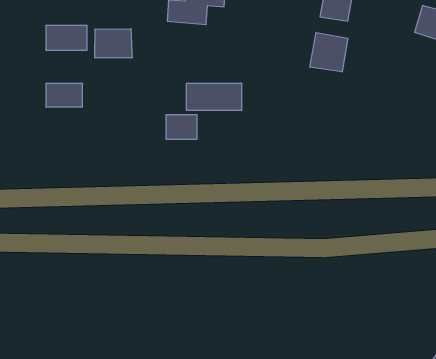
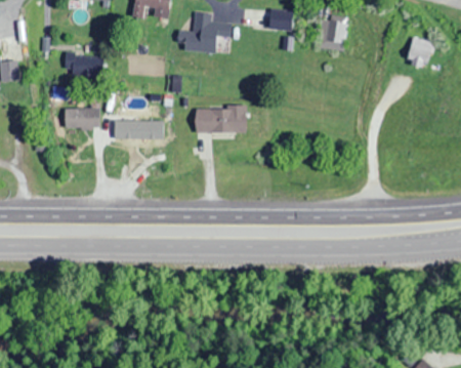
building: [95,29,132,58] -> none
building: [310,32,348,72] -> none
building: [166,115,197,139] -> [124,121,153,144]

